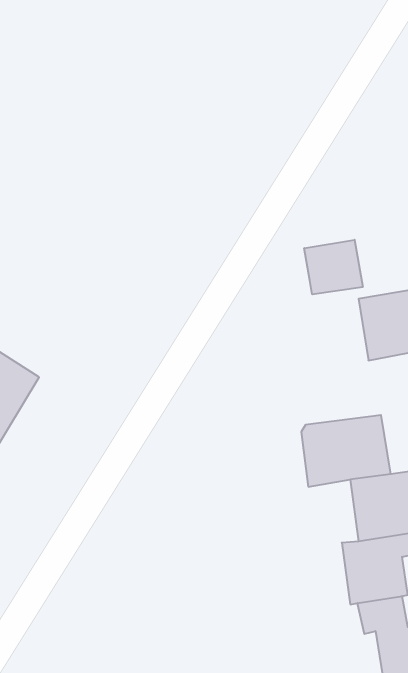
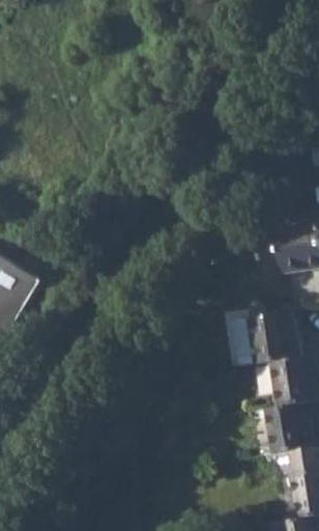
building: [304,240,363,294] -> none

